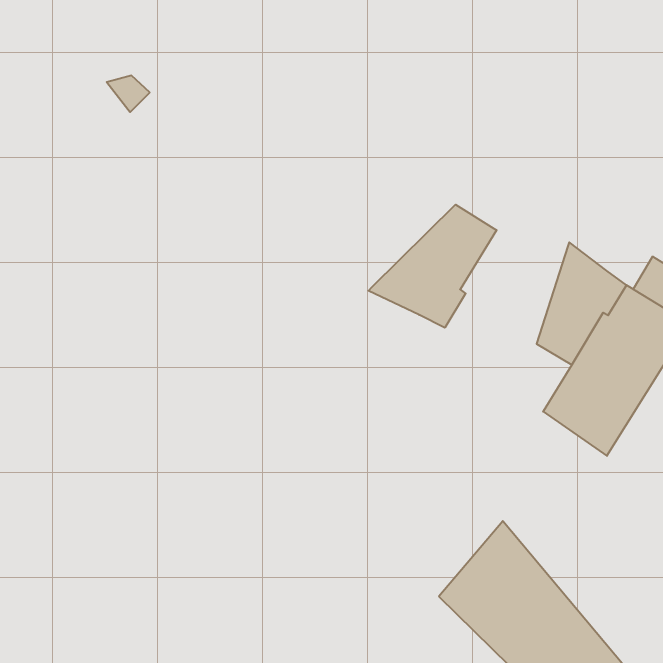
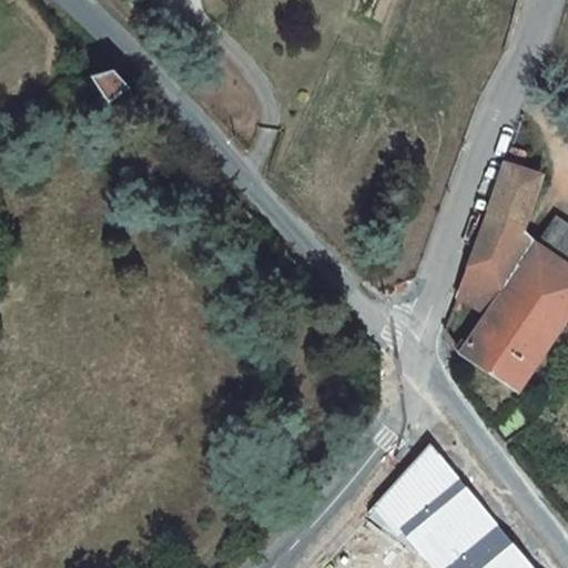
building: none -> [487,163,539,233]
building: [368,205,497,328] -> none

